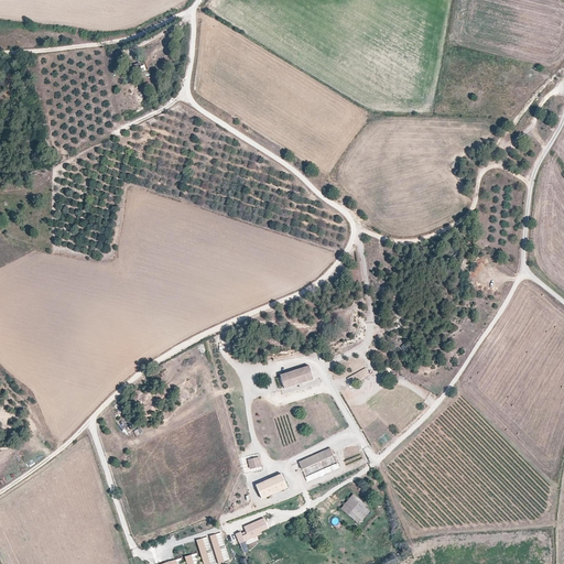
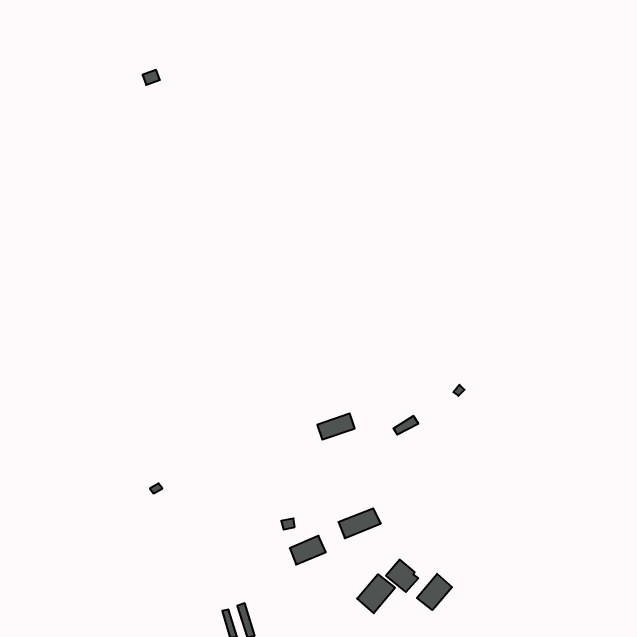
building: none -> [417,574,452,610]
building: none -> [357,574,395,613]

